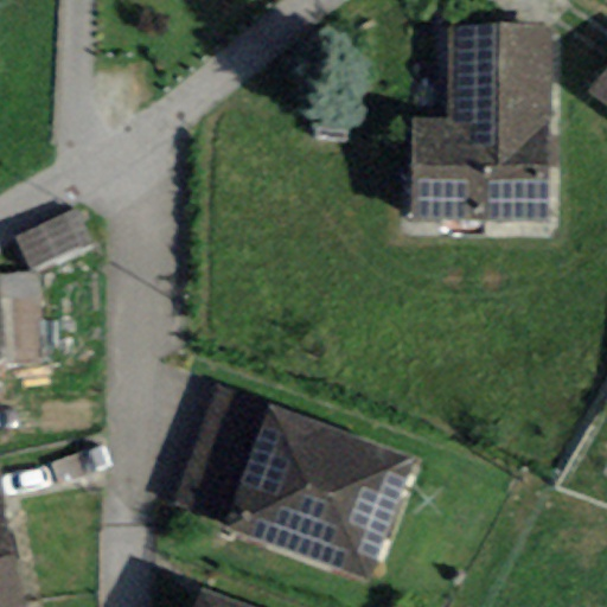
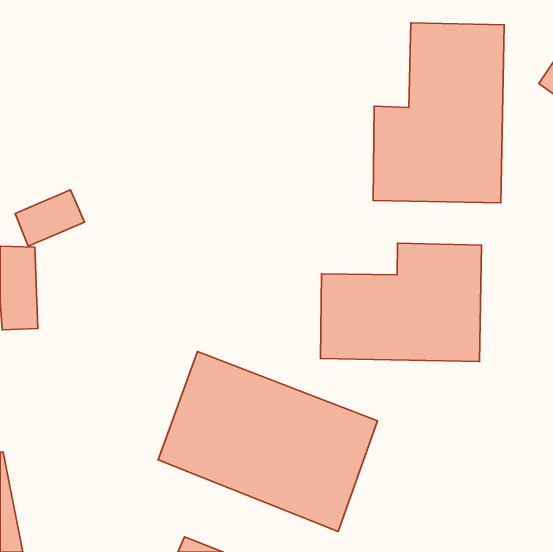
building: none -> [320,243,482,362]

